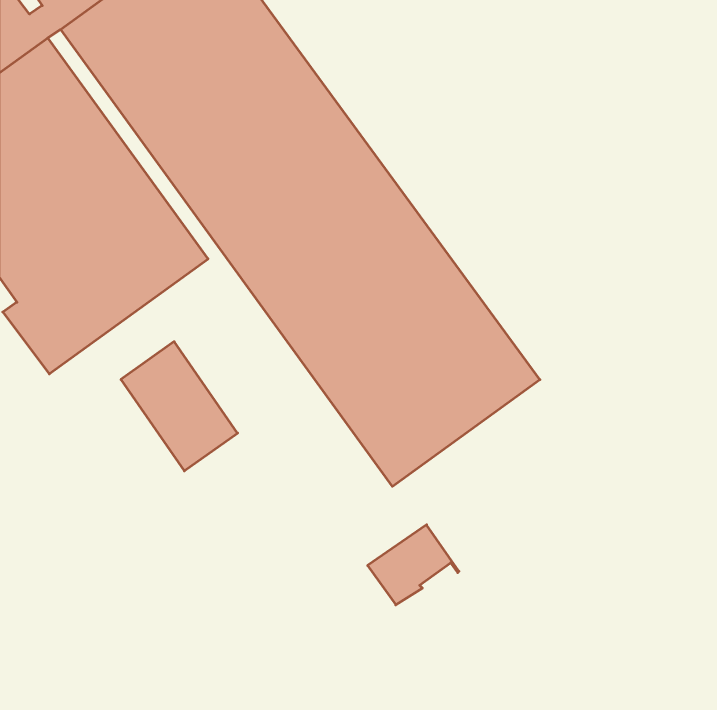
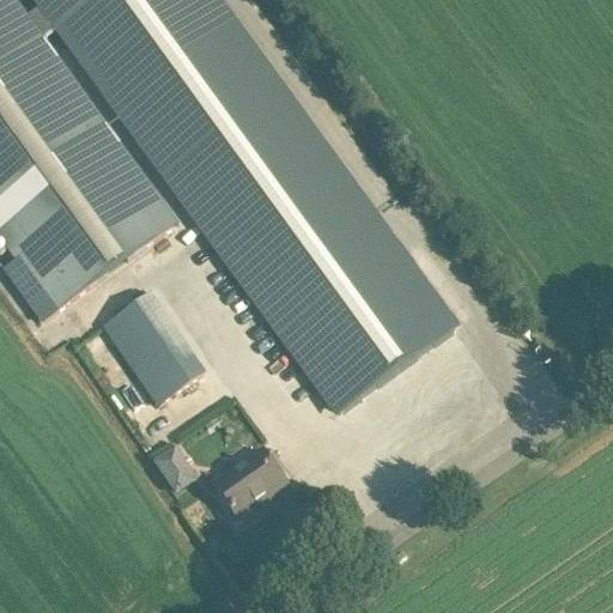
building: none -> [151,441,196,491]
building: [368,525,459,605] -> [212,447,290,515]

